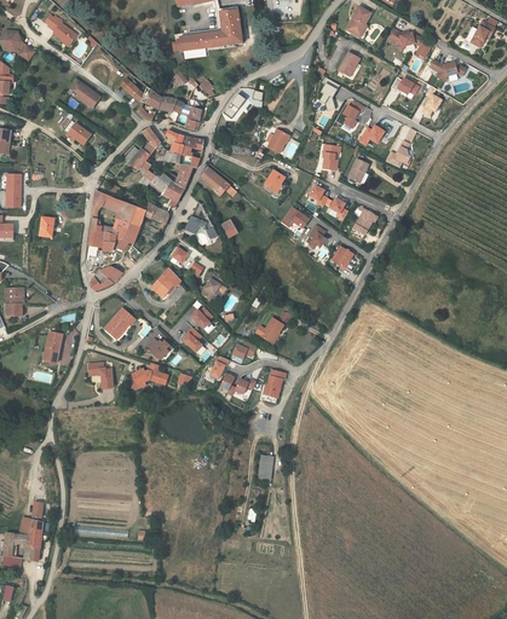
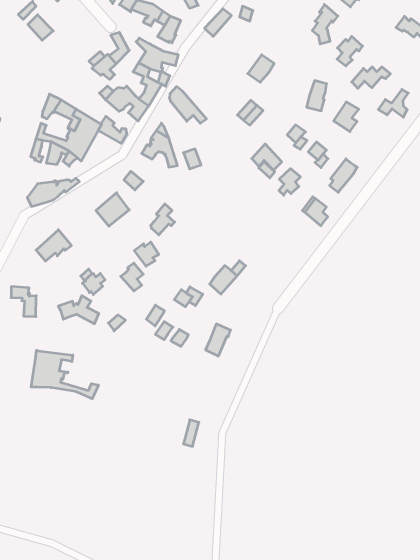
building: none -> [31,350,98,399]

